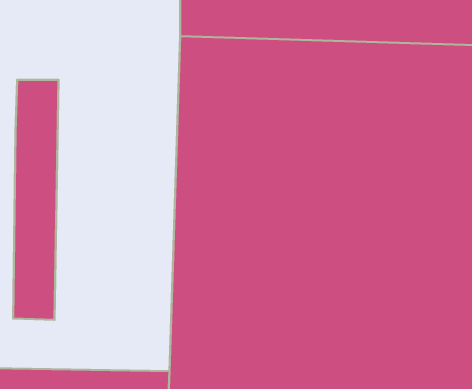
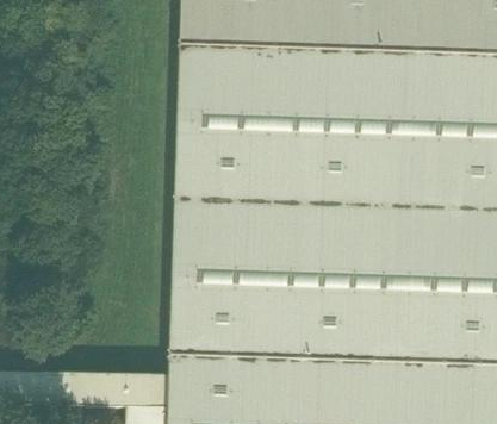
building: [13,80,59,320] -> none

